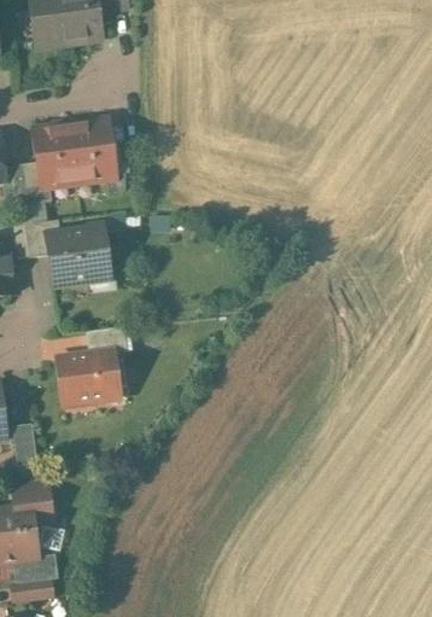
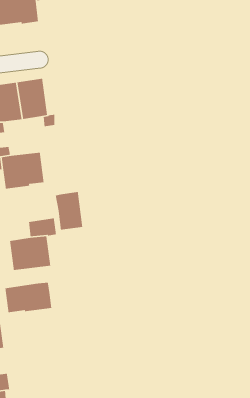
building: none -> [55,191,83,231]
building: none -> [4,282,52,313]

